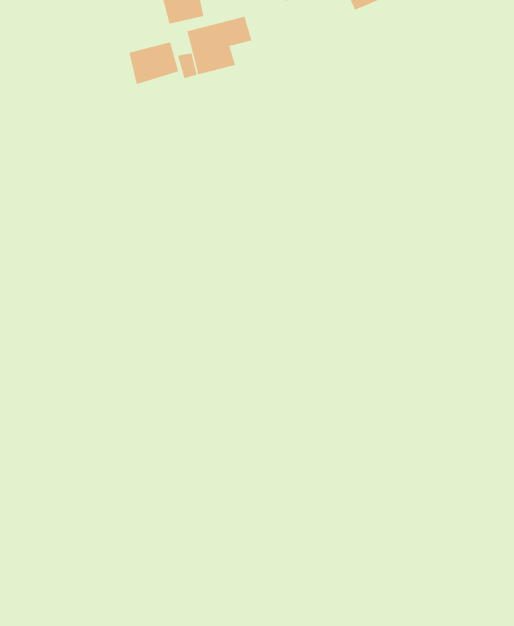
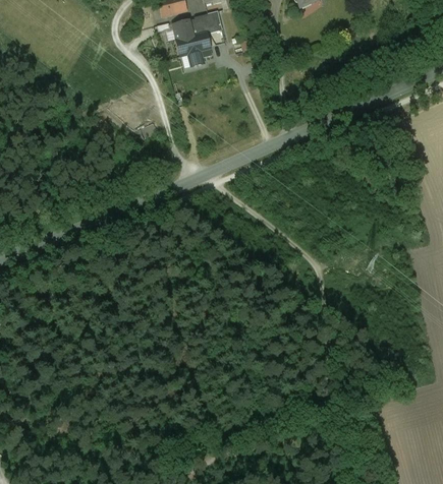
building: [129,42,179,85] -> none

